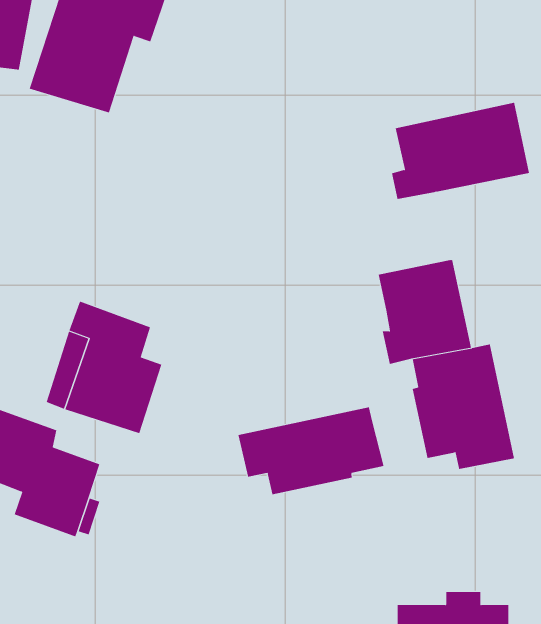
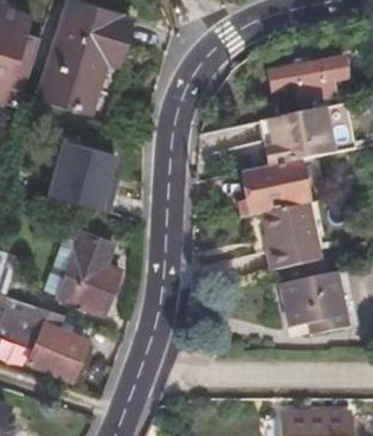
building: none -> [268,58,346,102]
building: none -> [50,135,124,211]
building: none -> [236,161,304,218]
building: [238,407,384,495] -> none

